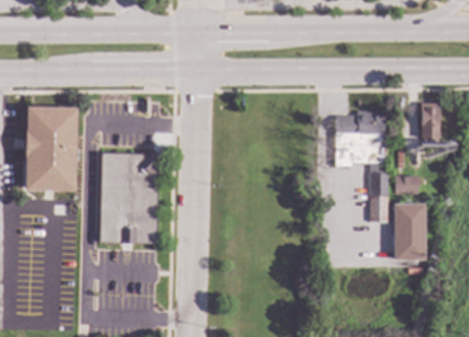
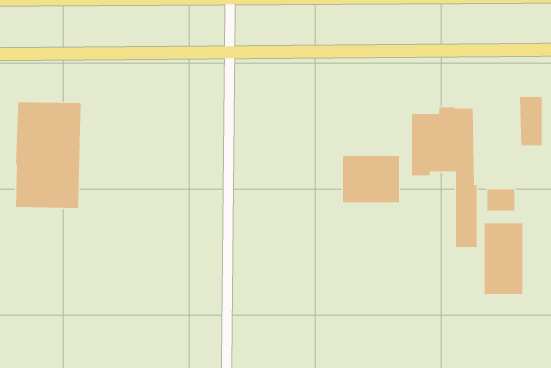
building: [99,150,163,244] -> none
building: none -> [342,155,399,203]

